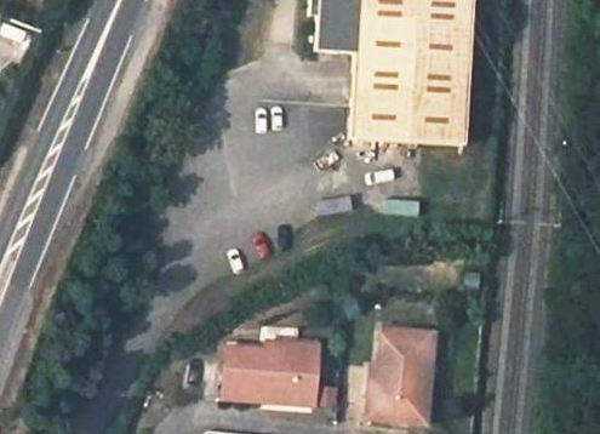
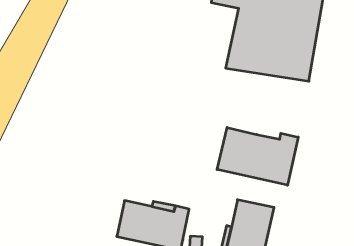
building: none -> [217,127,298,185]

